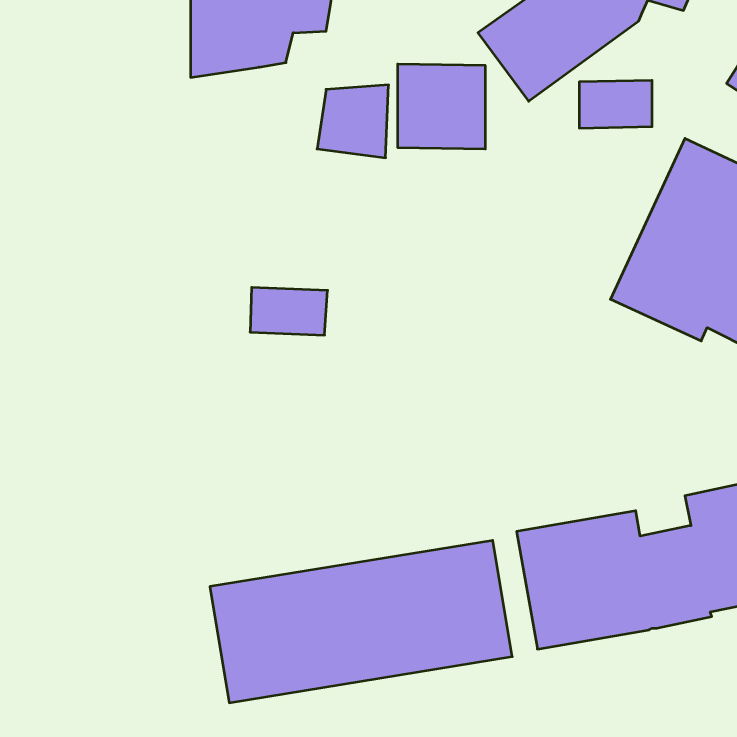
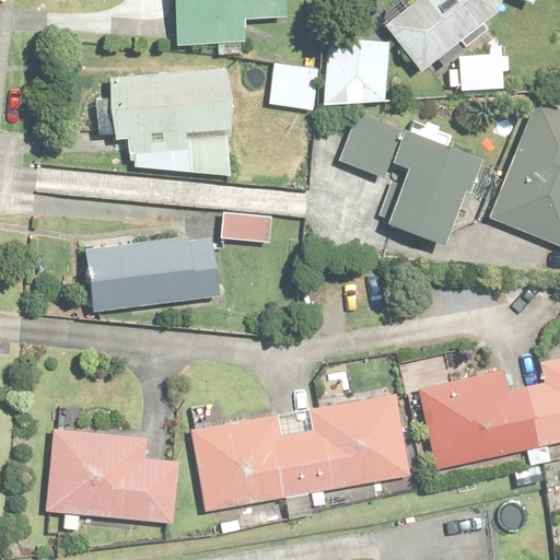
building: none -> [95,74,217,185]
building: none -> [316,119,460,244]
building: none -> [67,233,203,316]
building: none -> [28,440,165,526]

